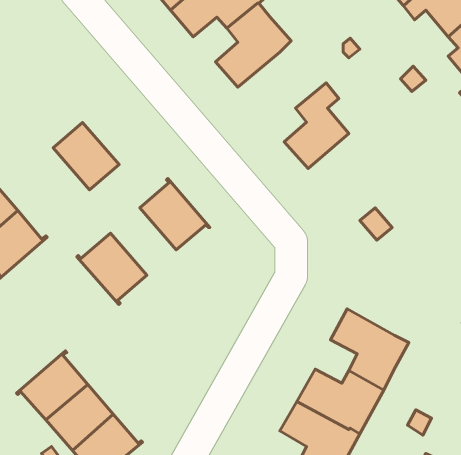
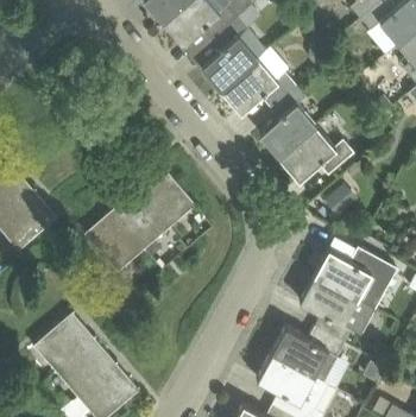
building: none -> [221,59,296,114]
building: [53,122,119,190] -> [113,191,169,248]
building: none -> [281,128,354,182]
building: none -> [314,248,387,299]

